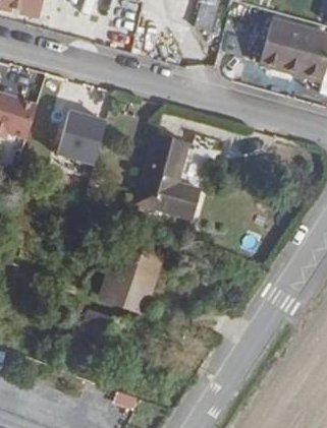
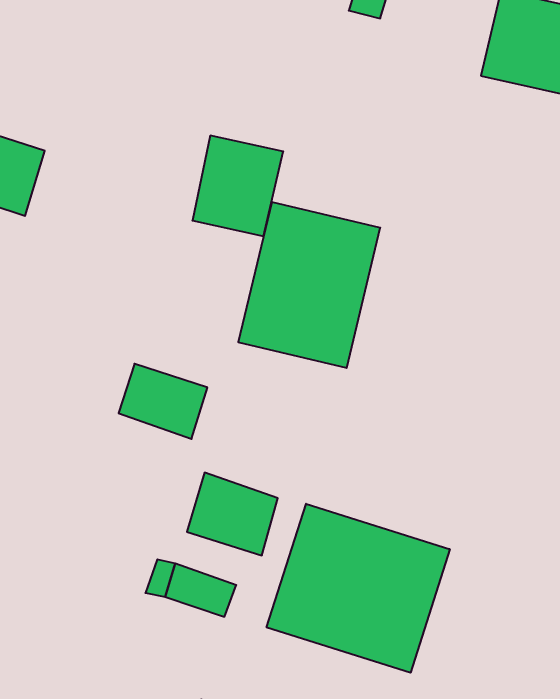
building: [56,112,103,164] -> [192,136,283,236]
building: [116,245,162,284] -> [119,364,207,439]
building: none -> [267,504,450,673]

